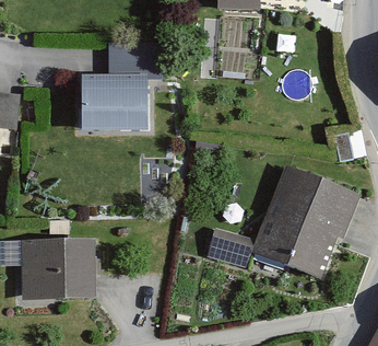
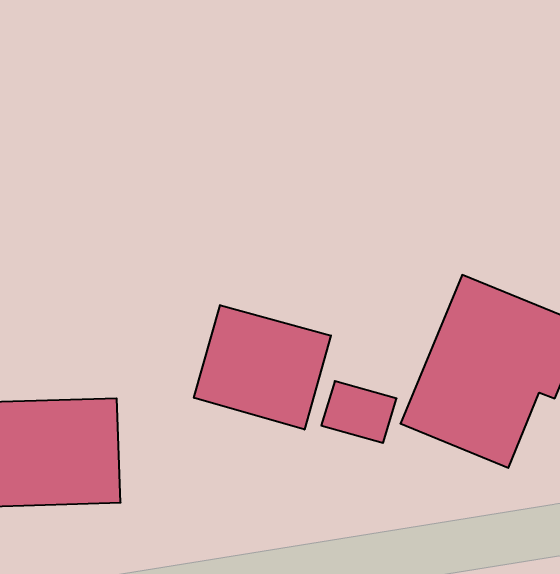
building: [80,44,162,129] -> none
building: none -> [194,305,331,430]

